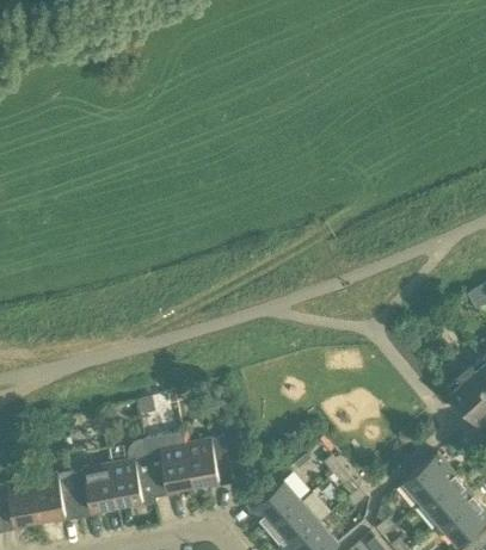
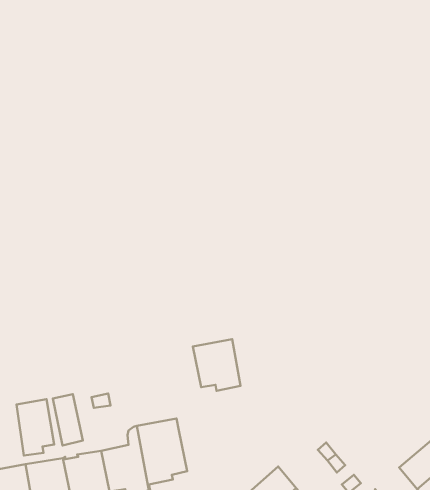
building: none -> [53,394,83,446]
building: none -> [16,399,54,456]
building: [184,438,232,489] -> [193,339,241,391]

